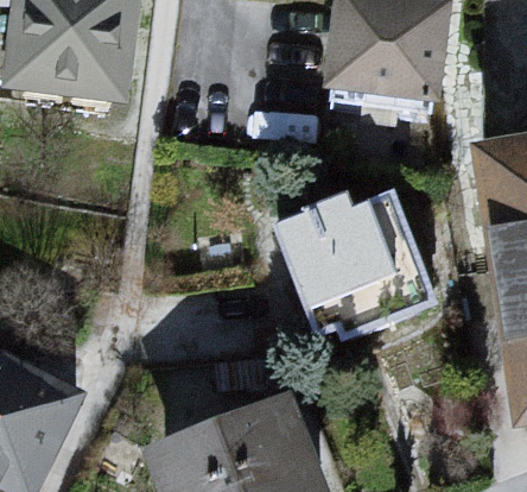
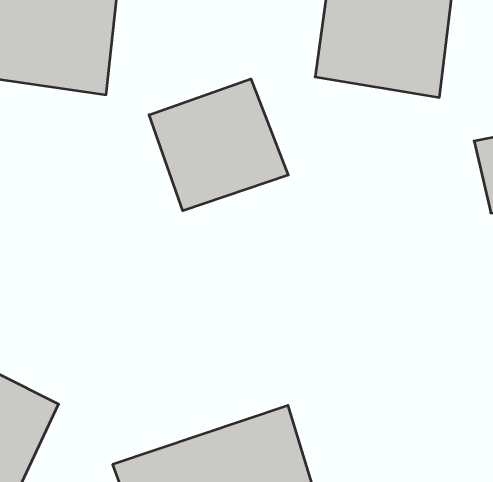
building: none -> [149,79,288,211]
building: [275,188,432,342] -> none

